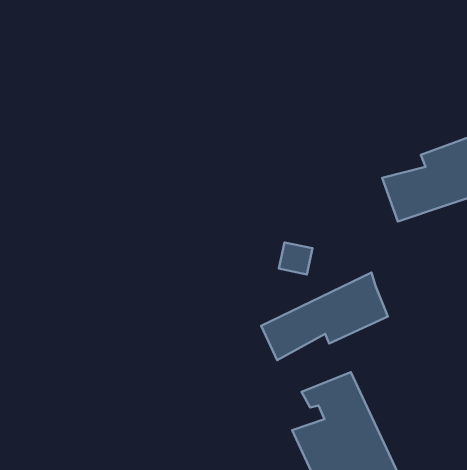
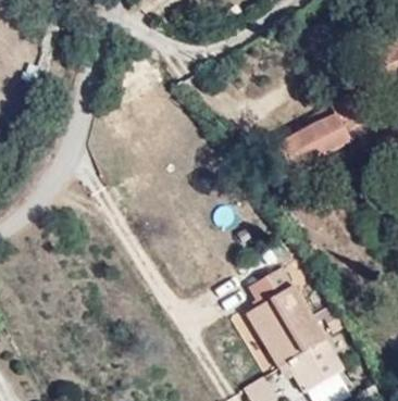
building: [261,273,388,360] -> none

